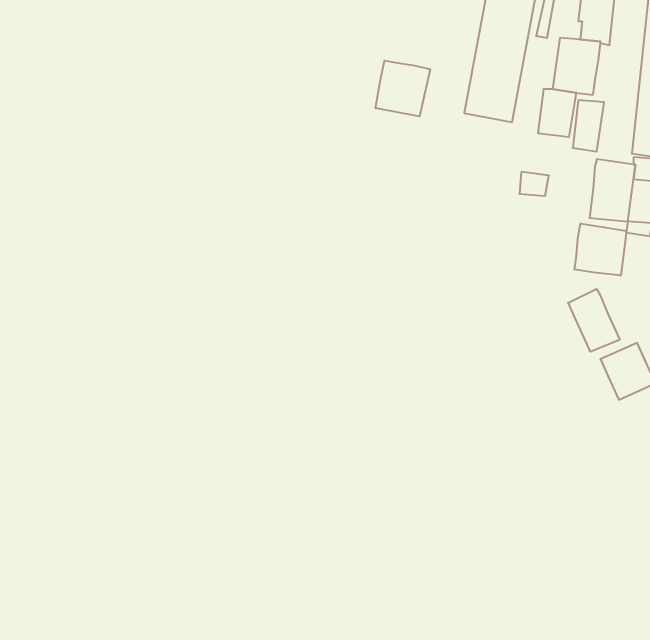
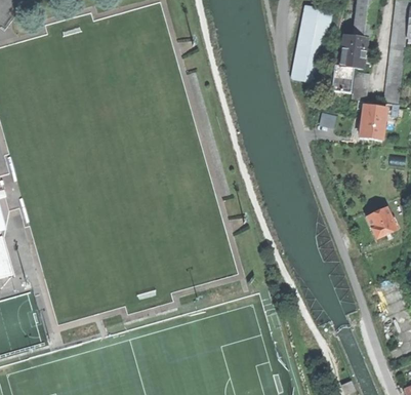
building: [376,61,430,116] -> none
building: [575,223,626,276] -> none
building: [568,289,620,352] -> none

